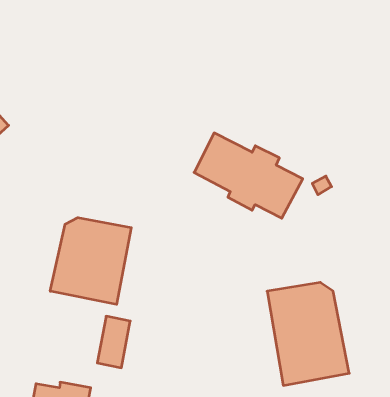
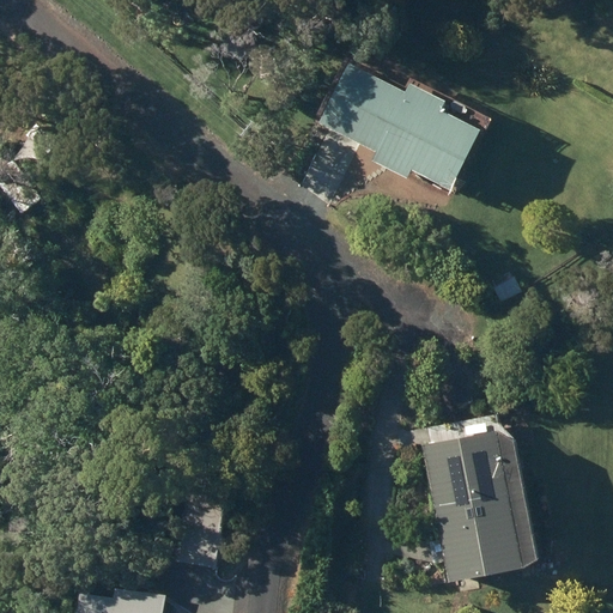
building: [194,133,303,218] -> [322,66,484,193]
building: [50,218,131,304] -> none

